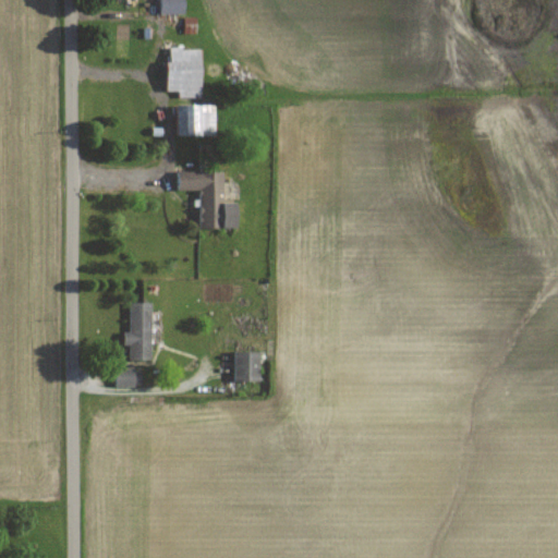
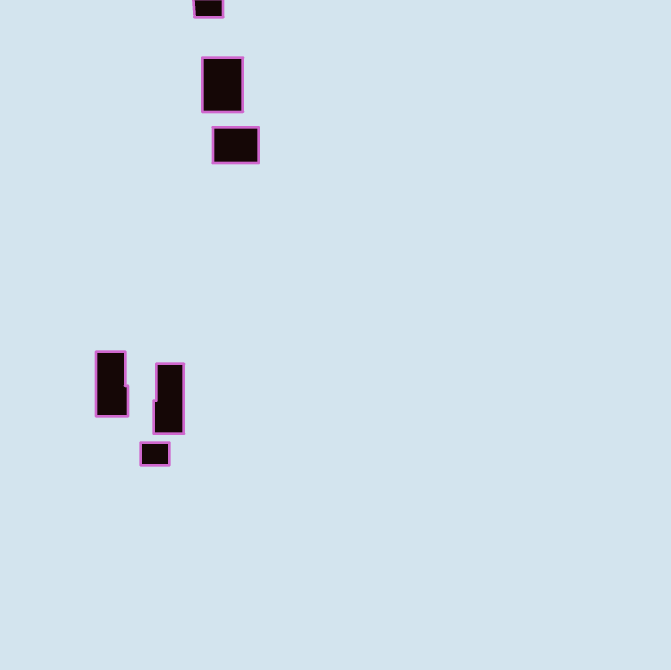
building: [178,171,238,228] -> none
building: none -> [96,352,128,416]
building: [236,352,260,381] -> none

